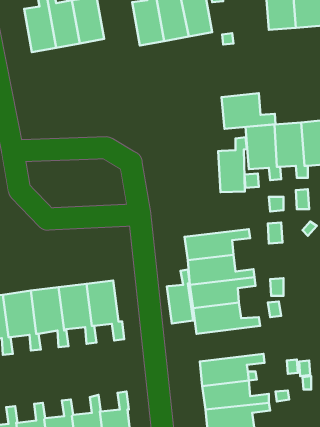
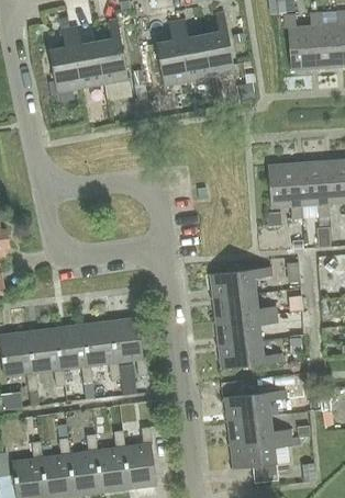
building: [221,93,276,129] -> none
building: [218,137,247,192] -> none
building: [167,270,193,324] -> none

